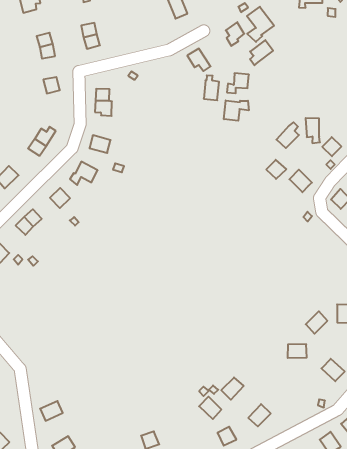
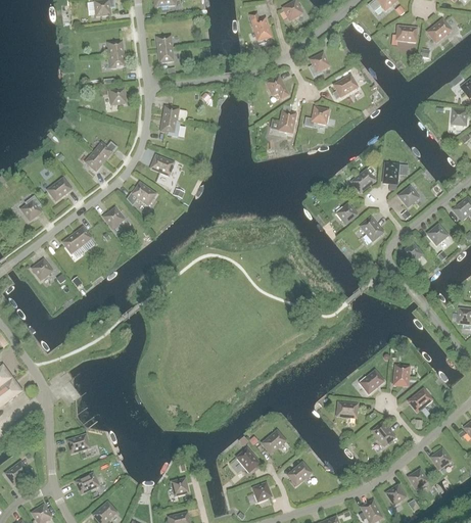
building: [247,7,274,42] -> none
building: [224,100,249,121] -> none

